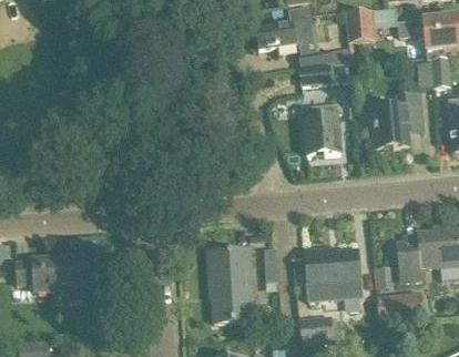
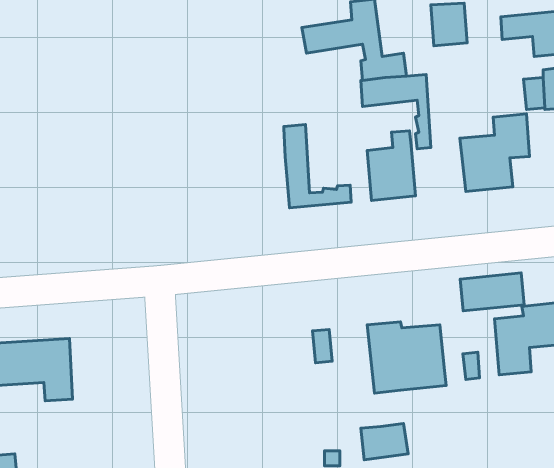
building: none -> [284,124,351,208]
building: [206,247,252,322] -> none
building: [375,292,421,319] -> [460,273,524,311]

